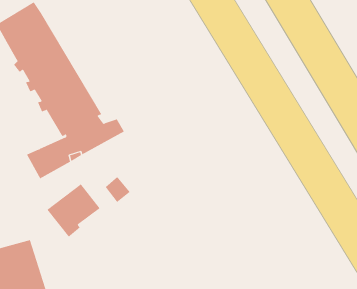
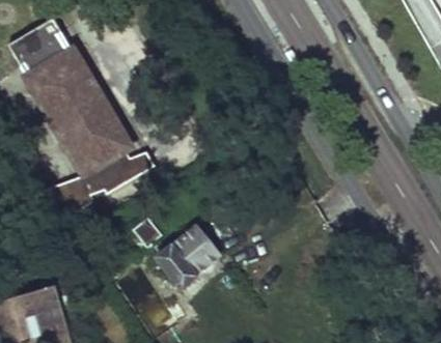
building: [46,183,100,237] -> [158,226,219,287]

